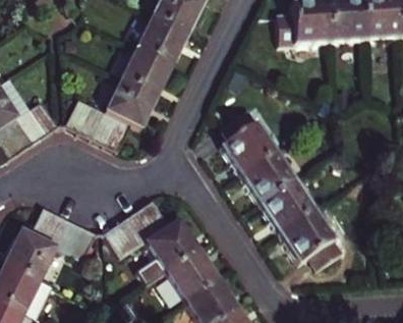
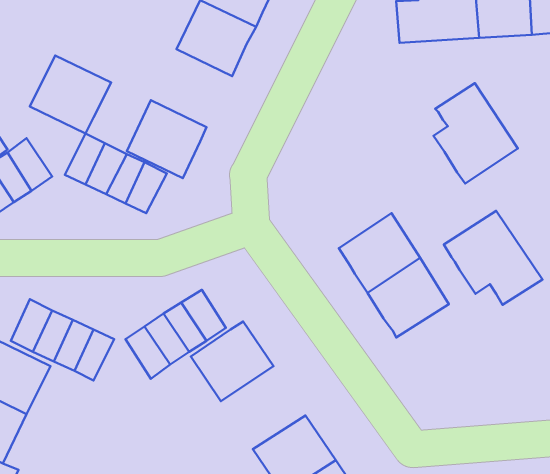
building: [121,45,173,95] -> [30,55,111,134]
building: [221,108,275,172] -> [433,83,518,184]
building: [278,208,341,268] -> [444,211,542,305]
building: [166,248,220,301] -> none

